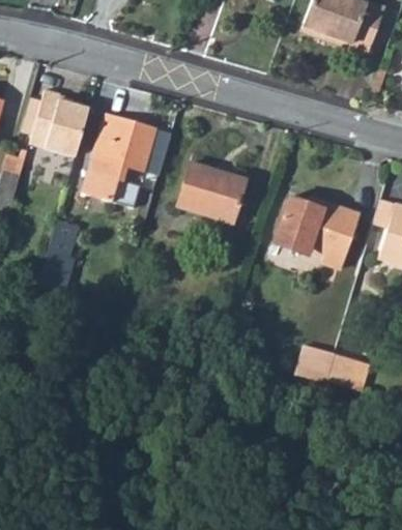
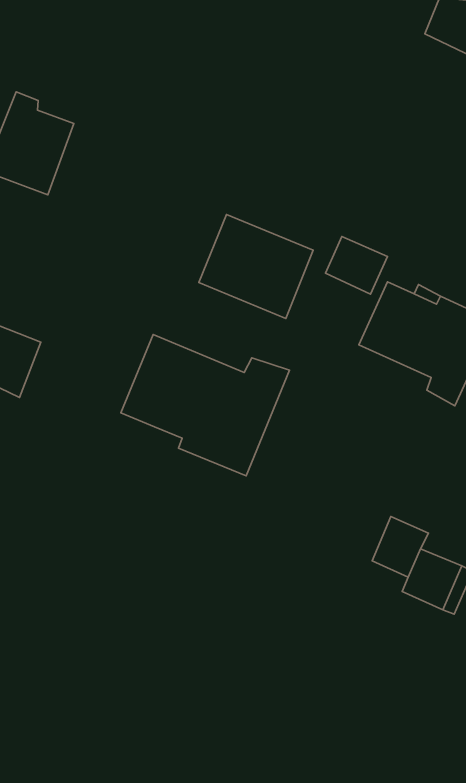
building: [82,111,171,206] -> none
building: none -> [326,236,388,294]
building: none -> [121,335,290,476]

